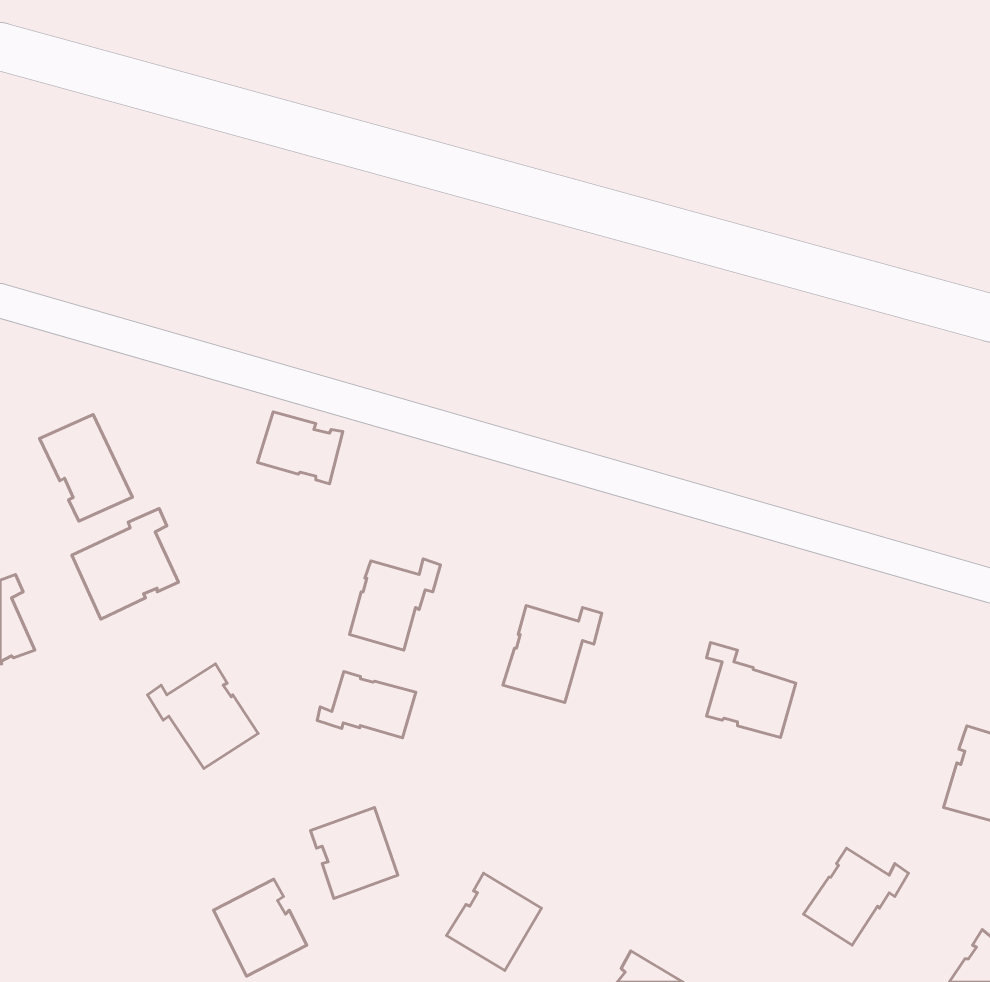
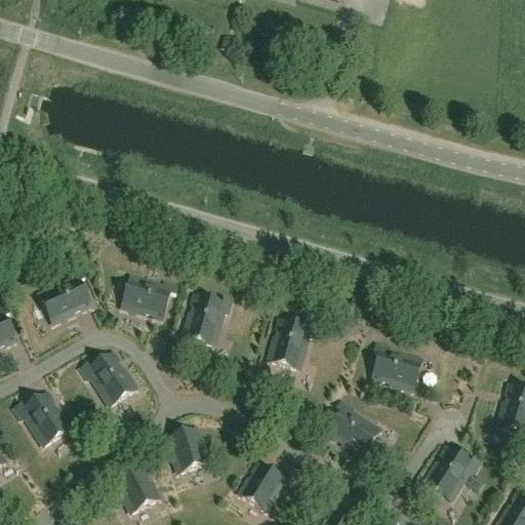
building: [258,412,343,484] -> [124,279,169,317]
building: [39,414,133,521] -> none
building: [317,671,416,738] -> none
building: none -> [12,391,72,447]
building: none -> [329,409,379,455]

